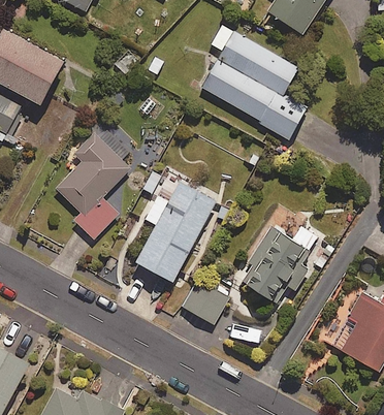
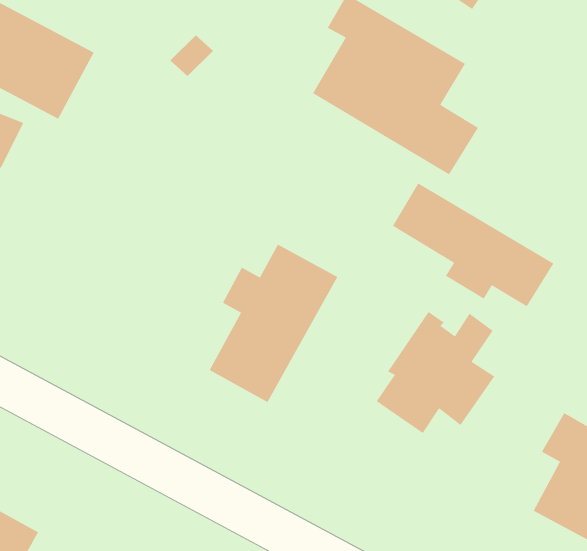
building: [56,132,131,240] -> none
building: none -> [392,182,554,307]
building: [183,278,230,324] -> none

